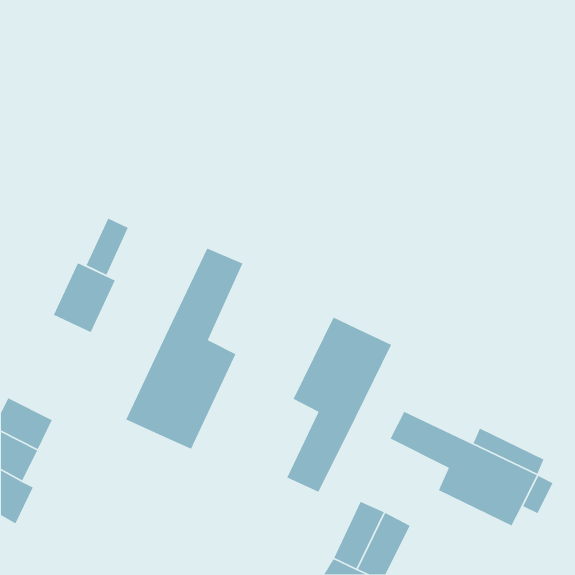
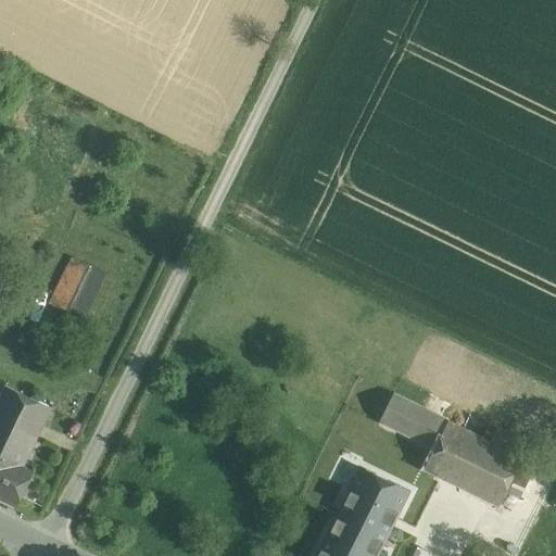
building: [85,218,129,276] -> none
building: [125,248,243,450] -> none
building: [286,316,392,493] -> none
building: none -> [348,466,405,507]

